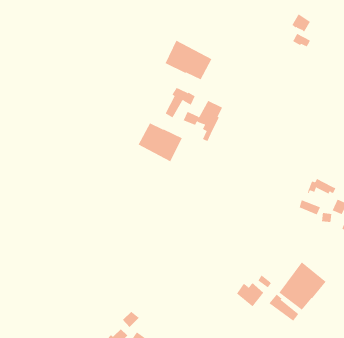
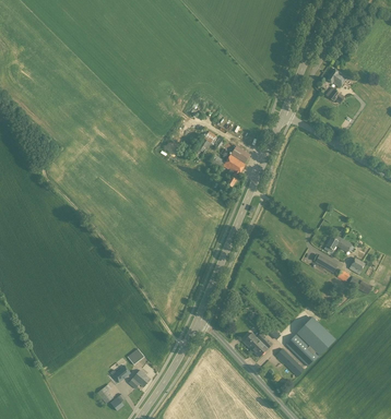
building: [165,40,212,80] -> none
building: [138,122,182,162] -> none

